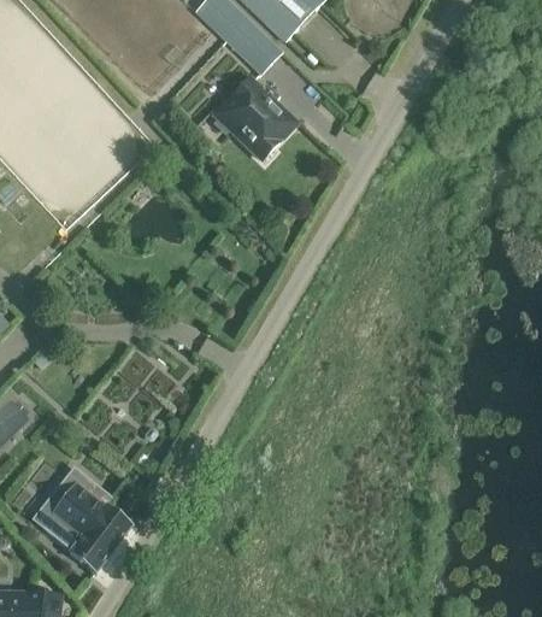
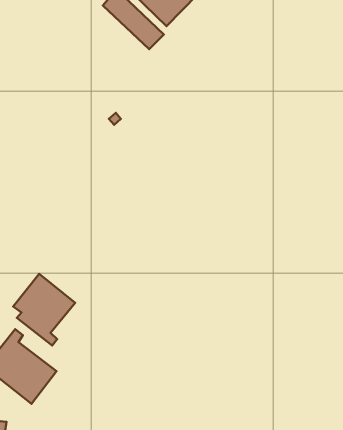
building: [214,78,296,159] -> none
building: none -> [13,274,75,345]

